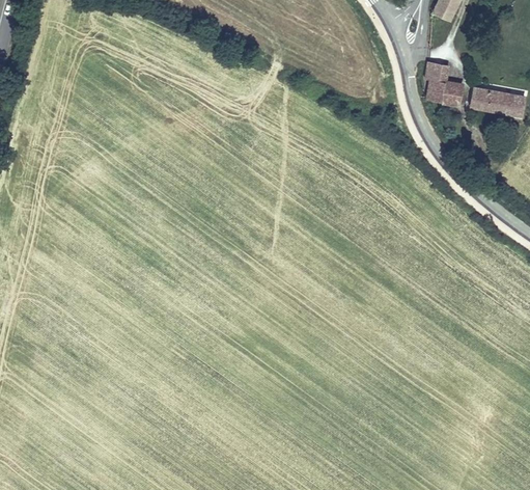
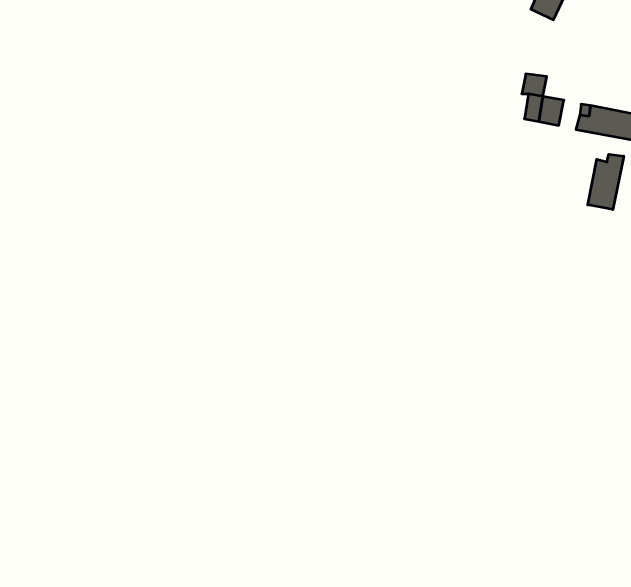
building: none -> [588,154,624,210]

